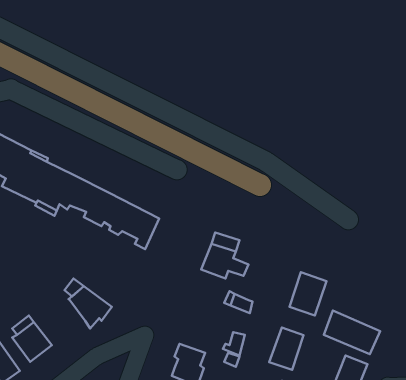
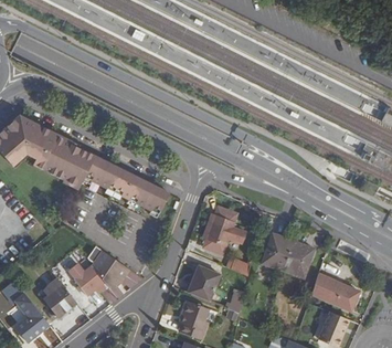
building: none -> [68,262,105,295]
building: none -> [184,265,220,300]
building: [269,328,304,370] -> [262,233,292,270]

